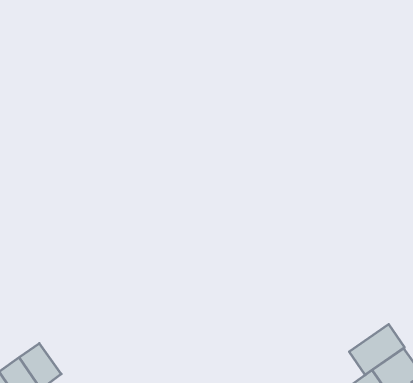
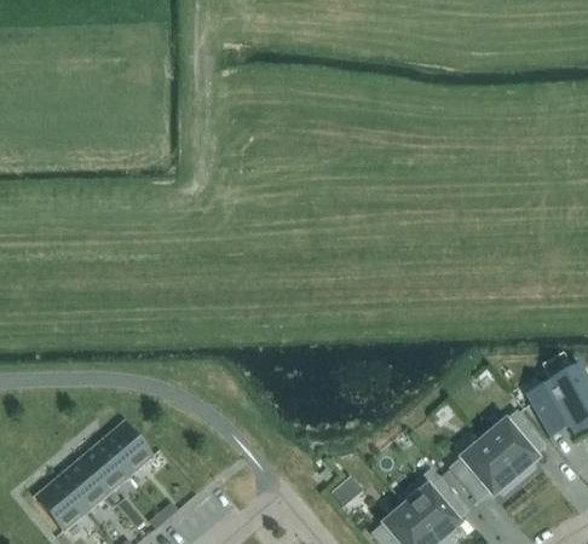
building: [349,324,404,375] -> none
building: none -> [100,421,151,473]

